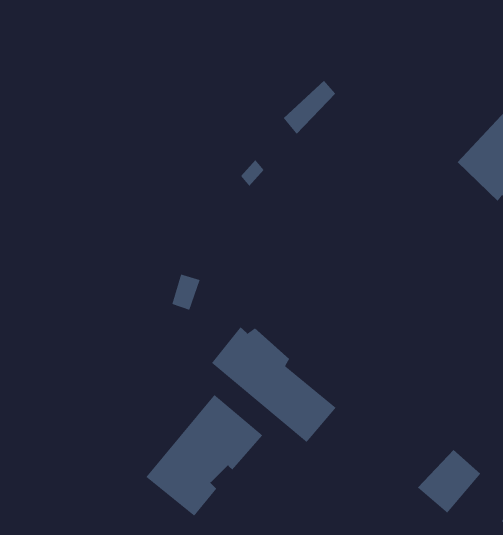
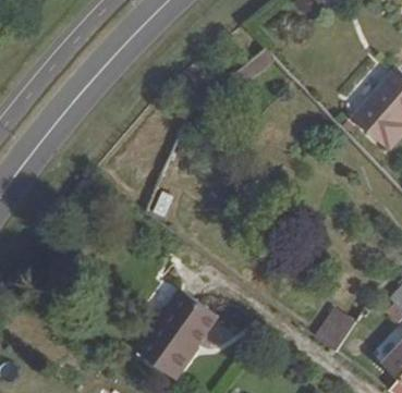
building: [211,326,336,443] -> none

